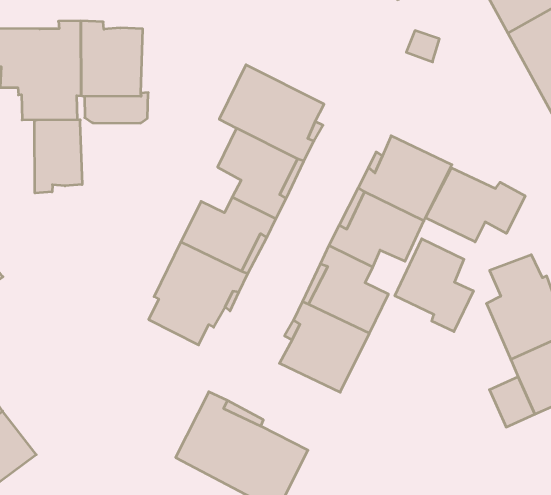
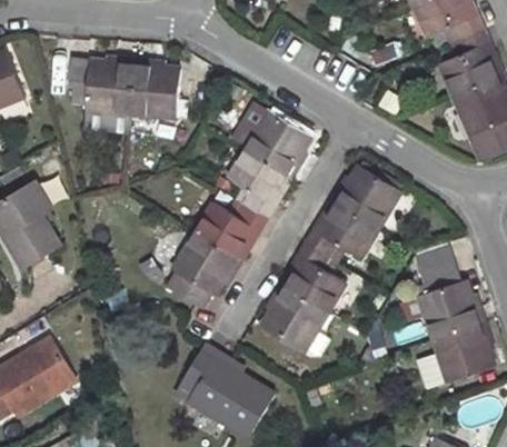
building: [34,120,82,193] -> none
building: [426,168,525,242] -> none
building: [395,239,473,332] -> none

